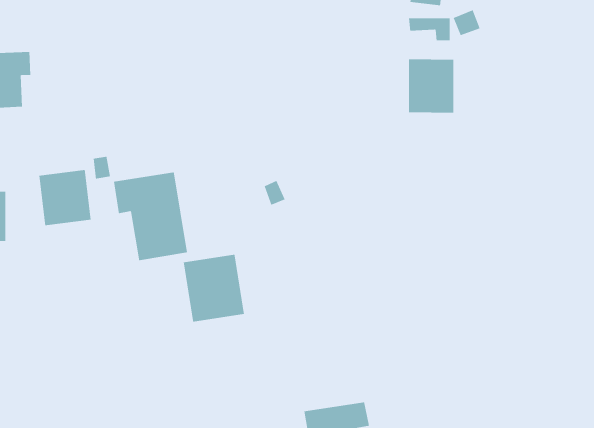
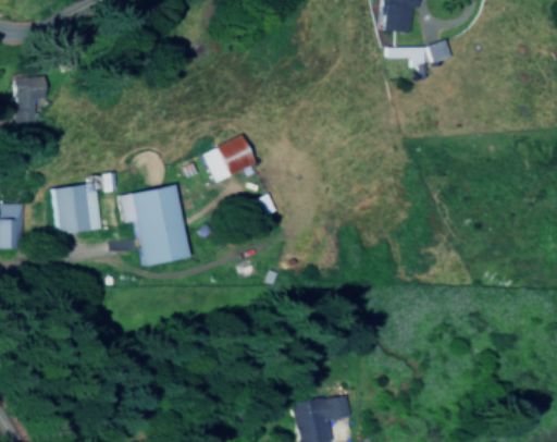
building: [408,59,454,113] -> none
building: none -> [200,134,255,183]
building: [183,254,245,322] -> none

